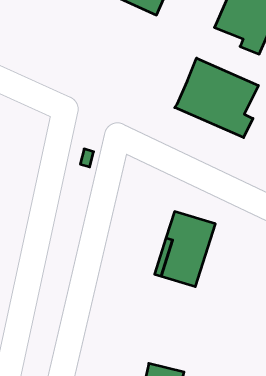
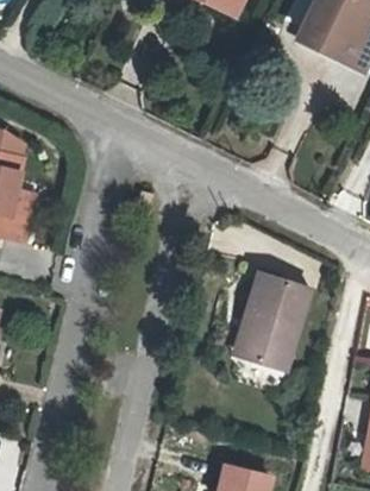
building: [175,58,258,138] -> none

